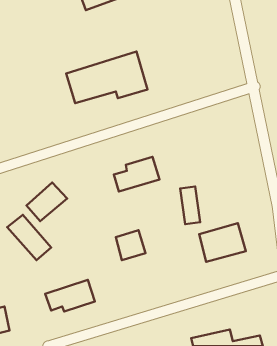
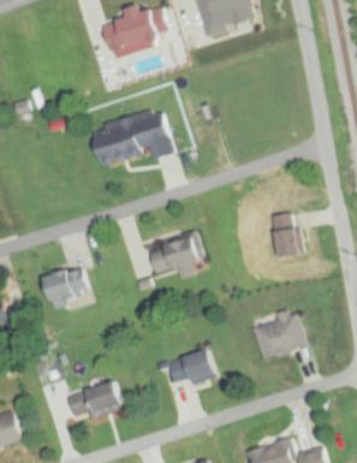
building: [180,186,200,224] -> [270,213,294,259]
building: [7,215,51,260] -> none
building: [116,230,146,260] -> [183,349,219,385]

